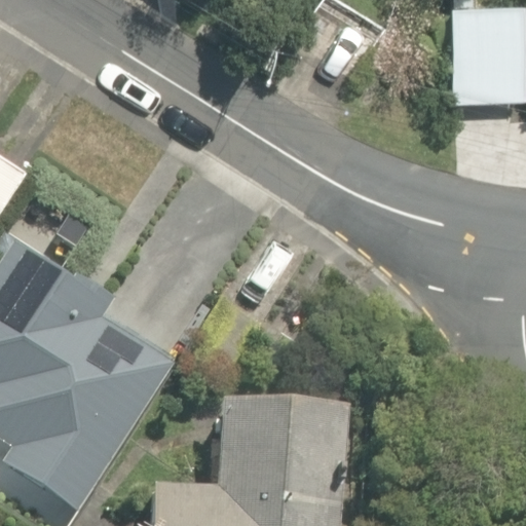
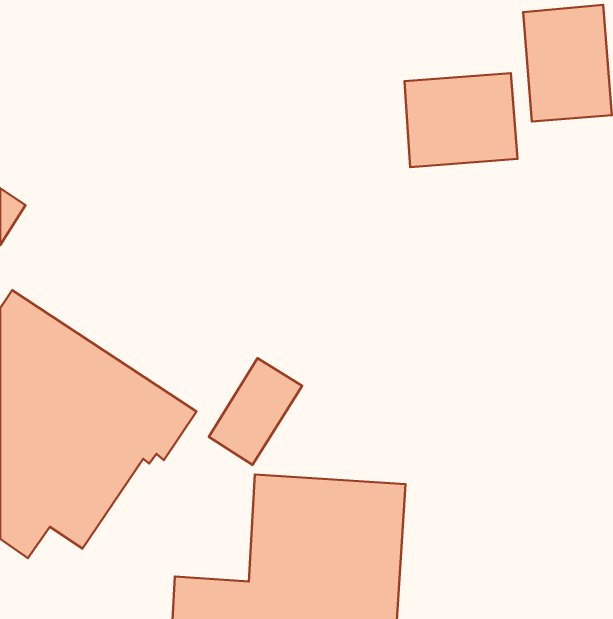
building: none -> [405,73,518,167]

